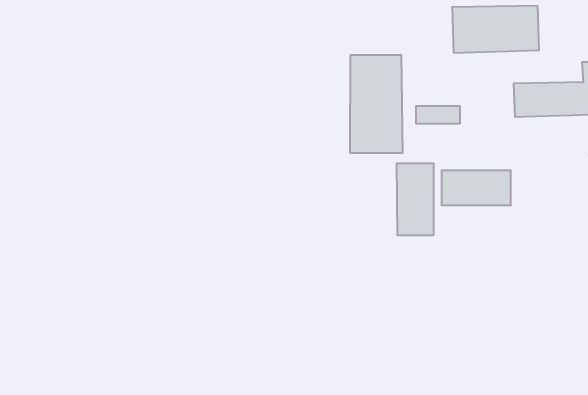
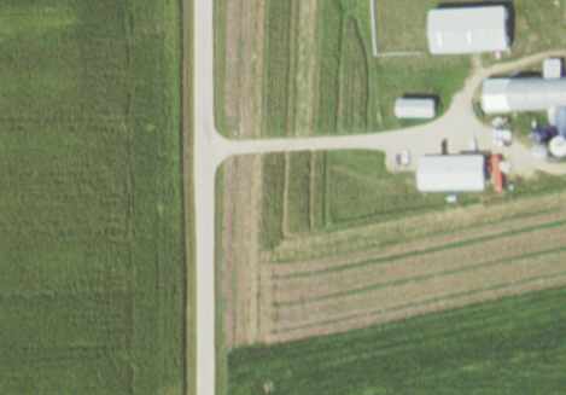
building: [350,55,402,153] -> none
building: [397,163,433,235] -> none

